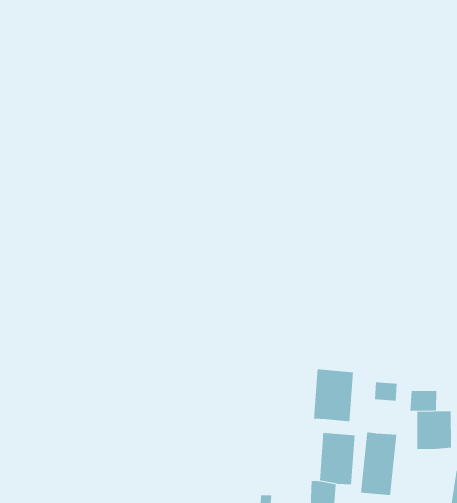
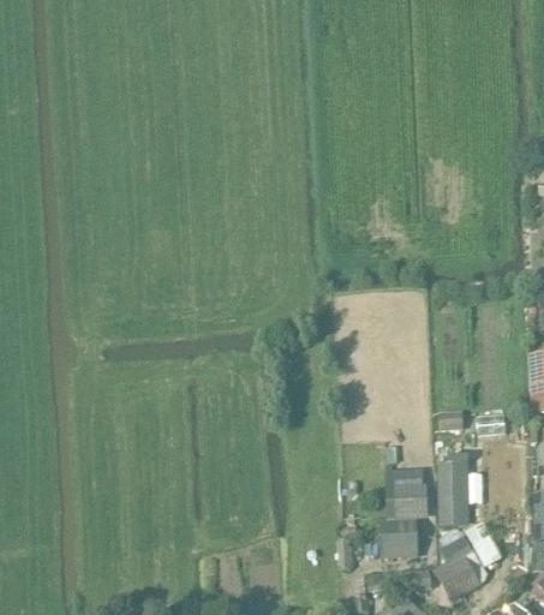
building: [313,369,354,422] -> none
building: [417,411,451,450] -> none

